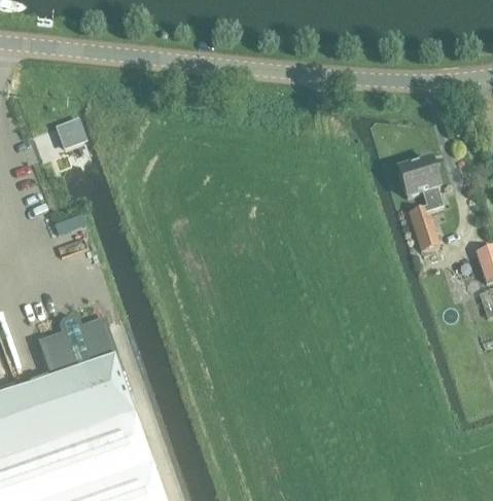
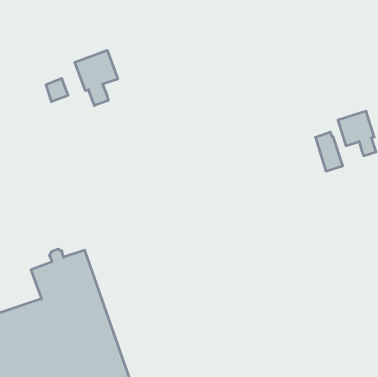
building: none -> [75,50,118,106]
building: [408,205,439,250] -> [315,132,343,171]

